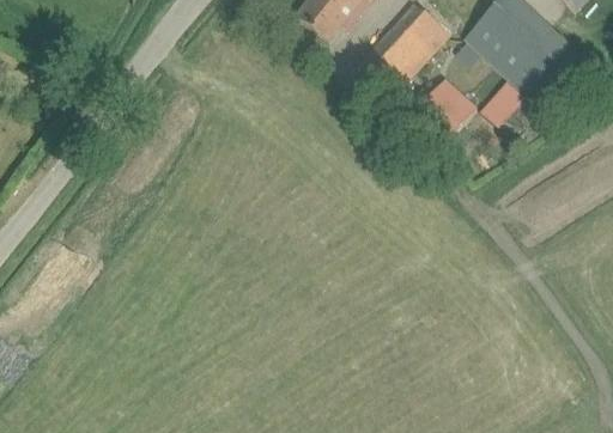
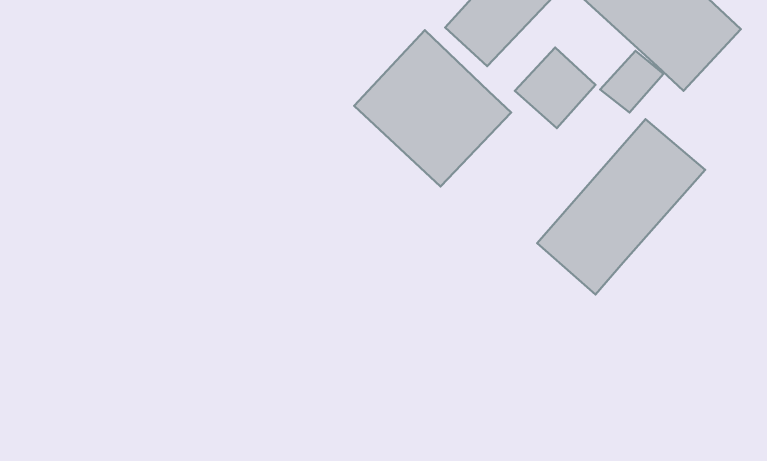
building: none -> [354,30,511,186]
building: none -> [537,119,705,294]

